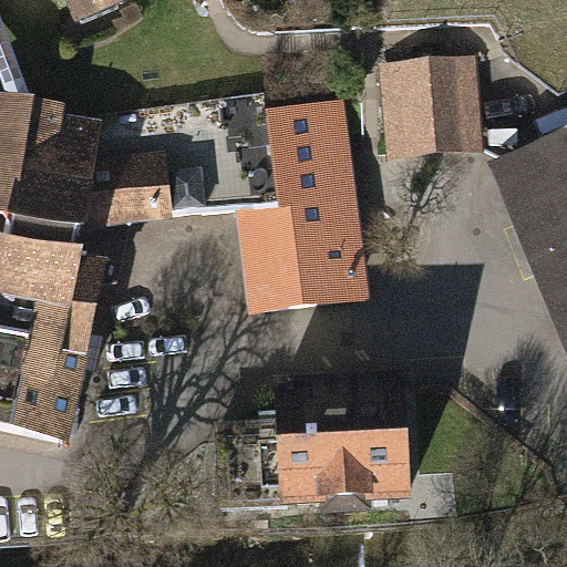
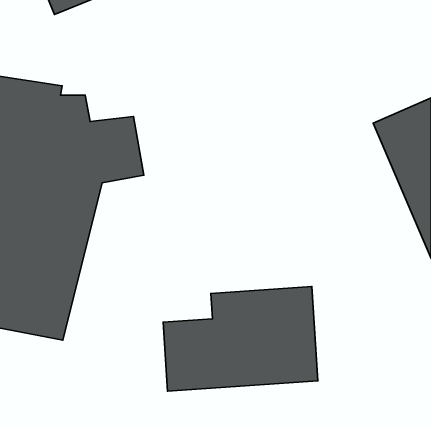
building: [380,49,478,153] -> none
building: [223,102,373,320] -> none

